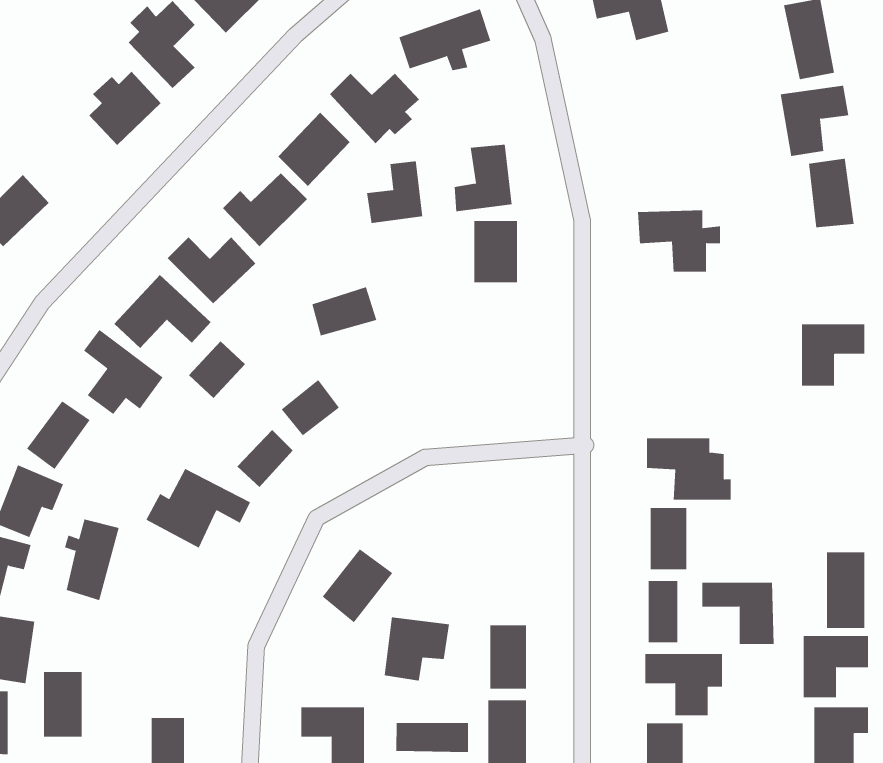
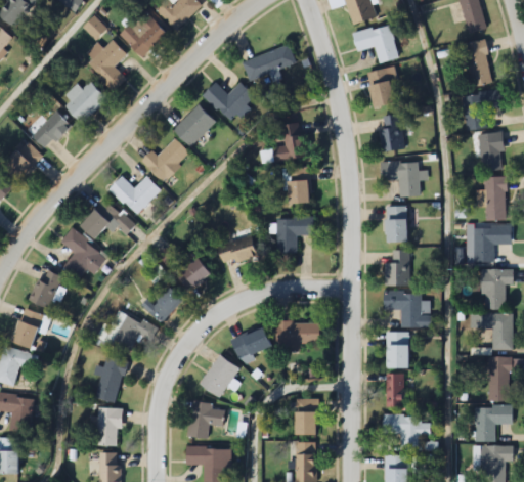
building: none -> [365,67,396,107]
building: none -> [31,111,71,150]
building: none -> [380,115,403,151]
building: [366,160,423,224] -> none
building: none -> [485,177,507,220]
building: [311,286,377,336] -> [219,236,257,265]
building: none -> [386,207,406,243]
building: none -> [277,217,313,253]
building: [188,341,246,399] -> none
building: none -> [384,251,409,286]
building: none -> [482,269,513,309]
building: none -> [276,321,319,347]
building: none -> [231,326,270,358]
building: [64,519,119,601] -> [95,356,127,403]
building: [701,582,774,644] -> [471,314,513,350]
building: [384,617,450,681] -> [187,402,225,439]
building: [43,671,82,737] -> [97,407,120,445]
building: [396,722,468,753] -> none

